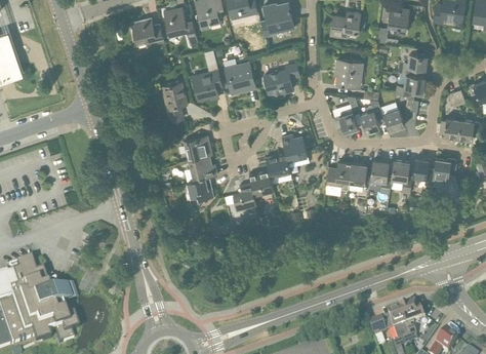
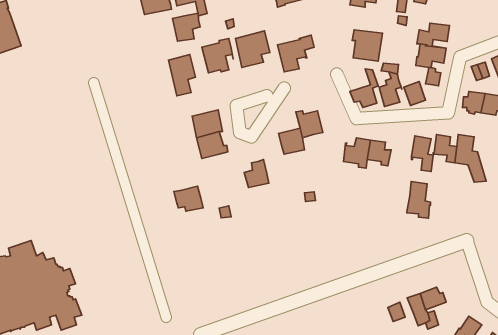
building: none -> [173,13,200,41]
building: [369,158,392,193] -> [407,182,431,218]
building: [249,168,274,194] -> none
building: [187,175,214,199] -> [174,186,203,211]

